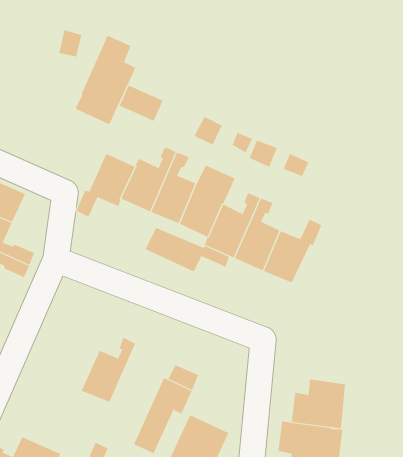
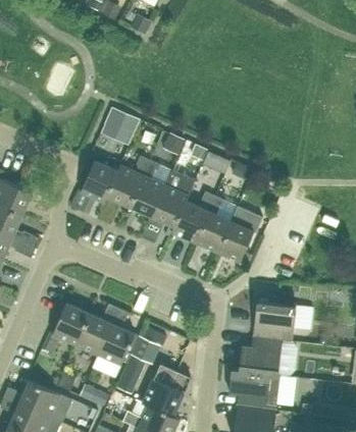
building: [75,35,136,125] -> none
building: [145,227,230,272] -> none
building: none -> [252,302,295,340]
building: none -> [42,304,89,354]
building: none -> [97,309,134,365]

